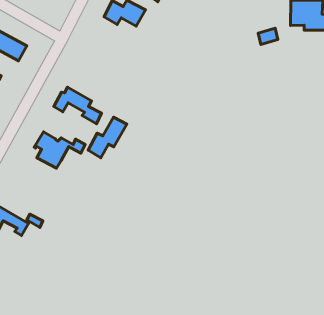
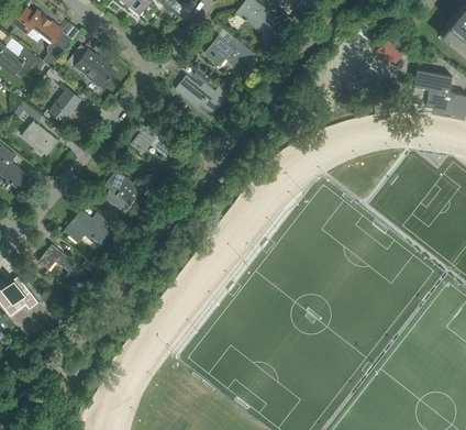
building: none -> [175,69,230,114]
building: [88,117,127,158] -> none
building: none -> [64,210,112,246]

